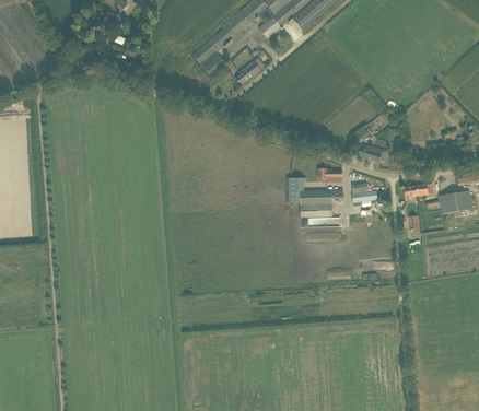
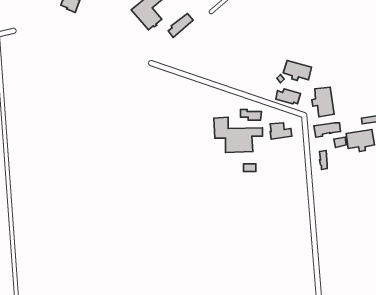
building: none -> [283,61,312,81]
building: none -> [312,87,334,117]

